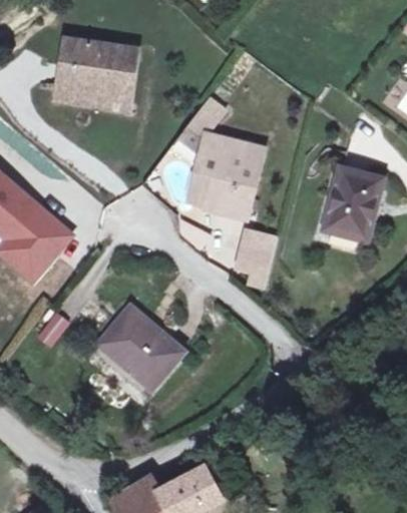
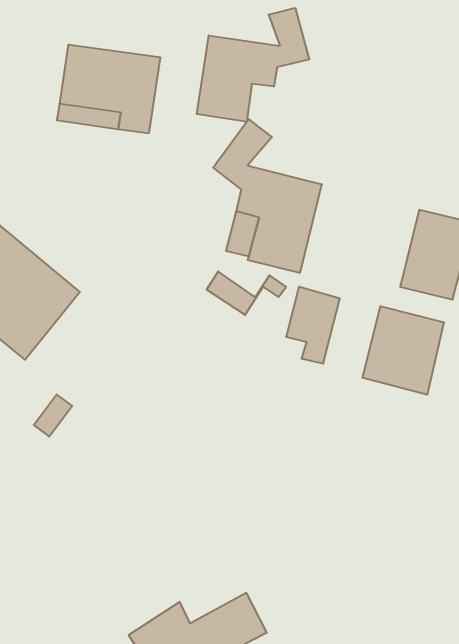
building: none -> [197,8,309,122]
building: none -> [363,306,444,395]
building: [106,307,182,388] -> none

